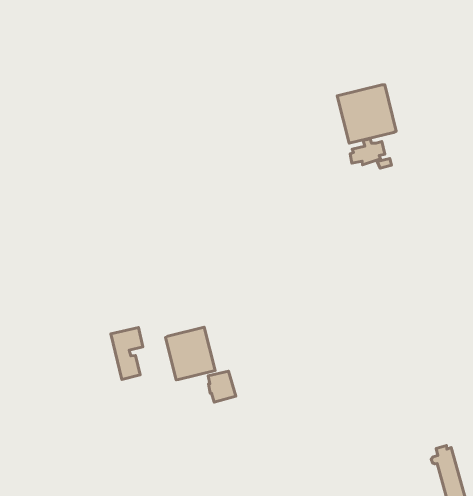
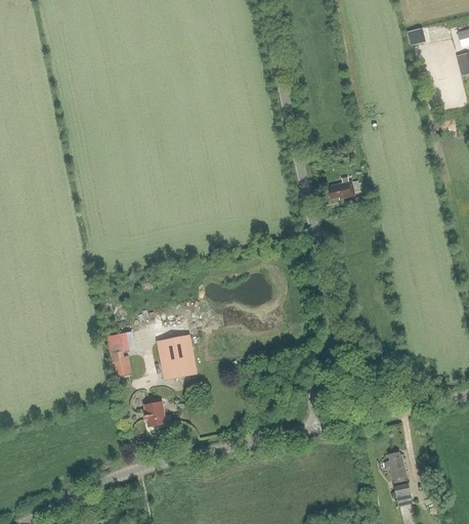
building: [337,85,396,143] -> none
building: [208,371,236,402] -> [143,401,167,428]

